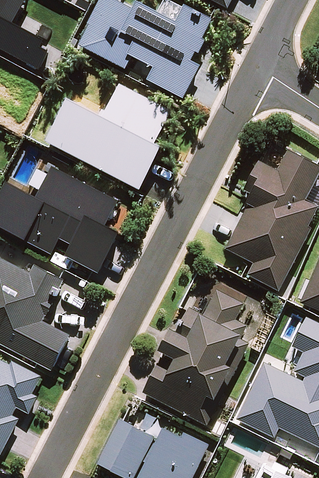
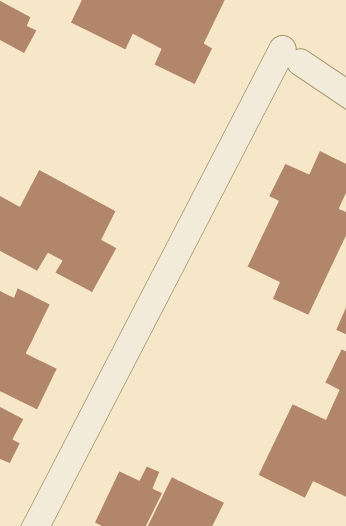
building: [45,84,170,188] -> none
building: [141,283,246,425] -> none

